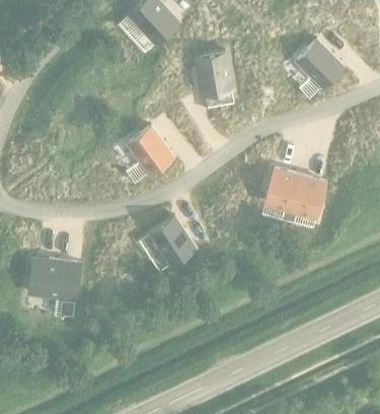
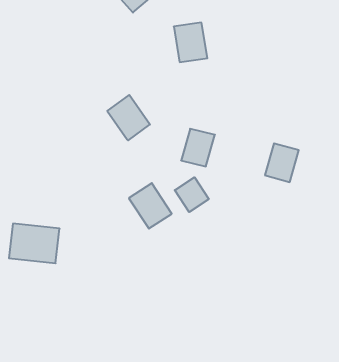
building: [297,41,344,86] -> none
building: [265,170,300,209] -> [181,129,215,166]
building: none -> [175,177,209,212]

